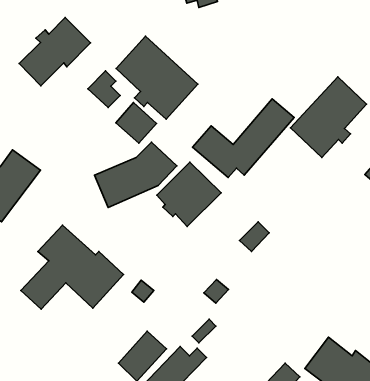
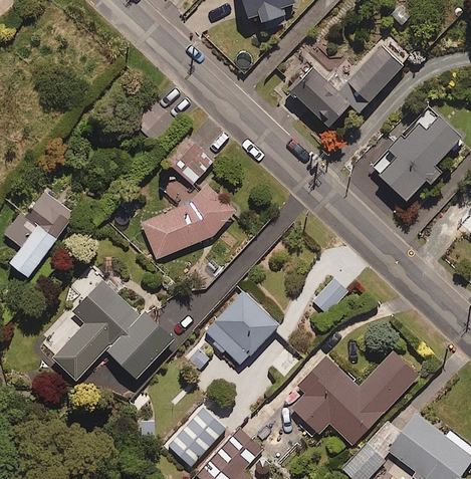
building: [19,17,91,86] -> none
building: [116,36,198,119] -> none
building: [193,99,294,178] -> [290,34,411,128]
building: [157,162,221,227] -> [203,289,279,366]
building: none -> [291,352,417,445]

